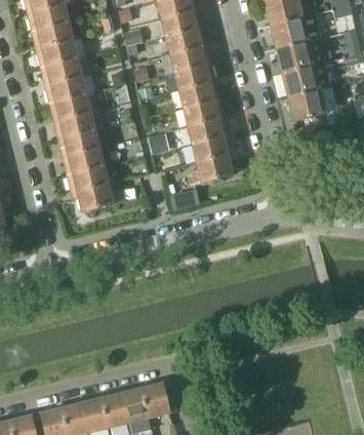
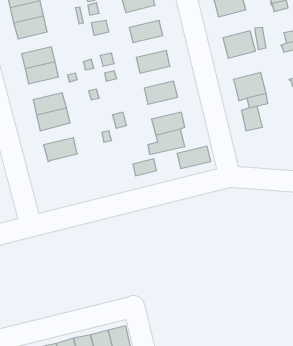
building: [162,10,201,36] -> none
building: [270,15,307,48] -> none
building: [37,41,76,67] -> none
building: [170,45,209,71] -> none
building: [281,64,319,96] -> none
building: [178,81,217,107] -> none
building: [49,93,88,120] -> none
building: [188,117,227,143] -> [177,146,211,168]
building: [63,147,102,172] -> none
building: [77,183,122,210] -> none

